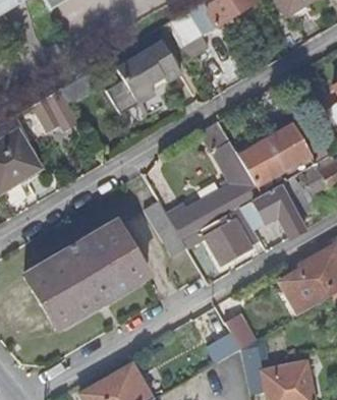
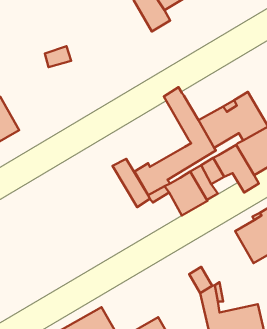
building: [116,41,181,104] -> none
building: [33,88,79,130] -> none
building: [24,220,148,328] -> none

